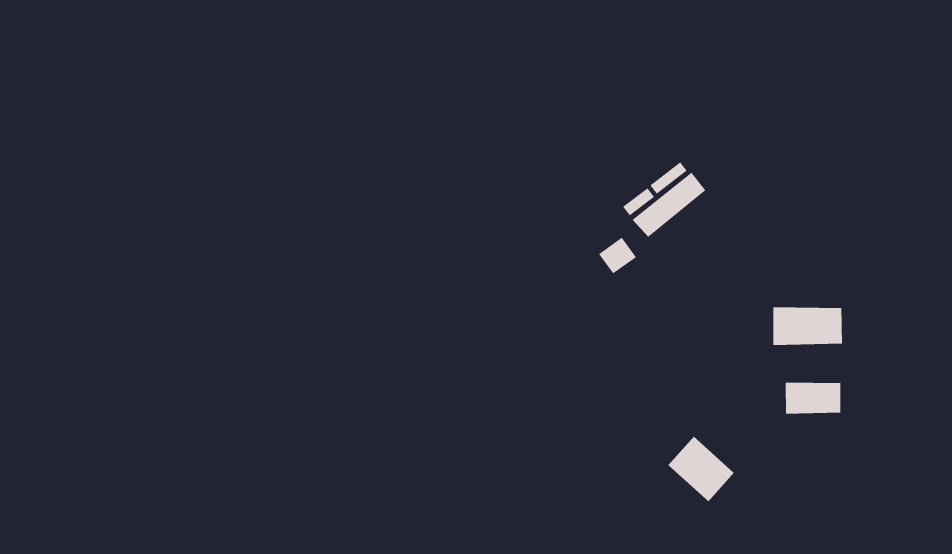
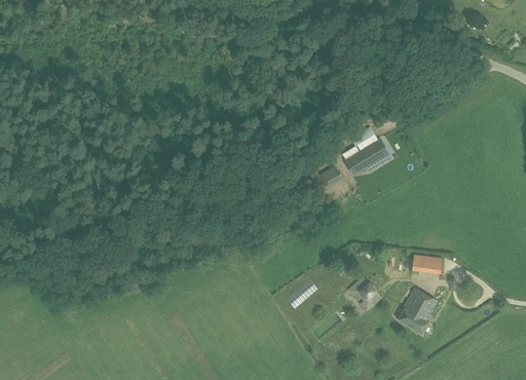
building: [773,306,842,346] -> none
building: none -> [399,289,437,334]

